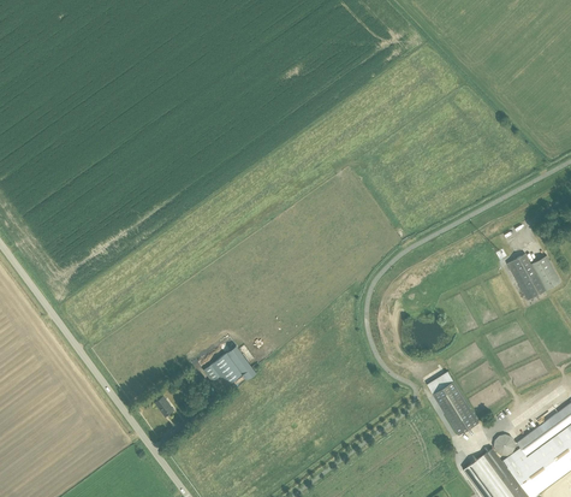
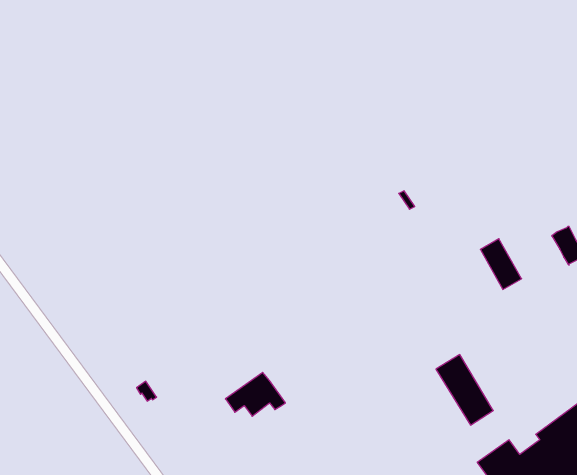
building: [507,254,545,300] -> [480,239,522,289]
building: [202,345,256,385] -> [225,372,285,416]

